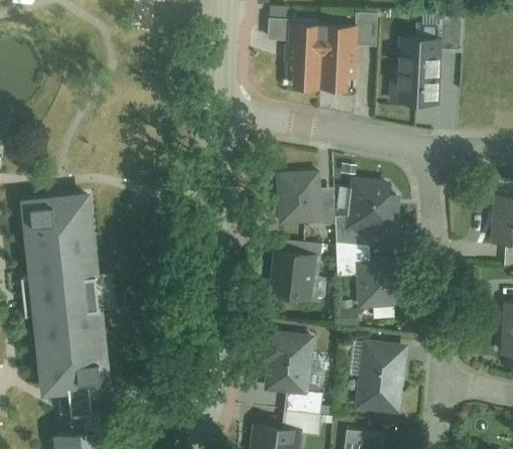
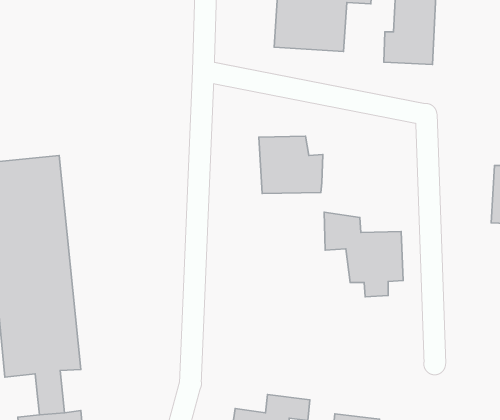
building: [333,175,399,248] -> none
building: [270,241,322,299] -> none
building: [250,327,325,416] -> none
building: [355,341,408,414] -> none

